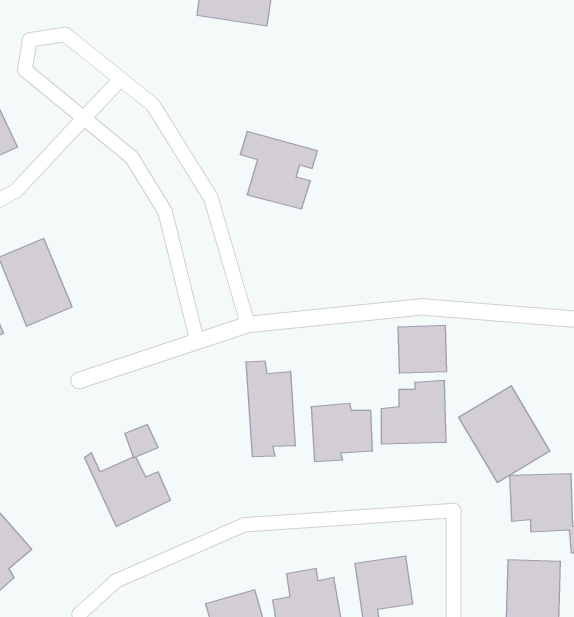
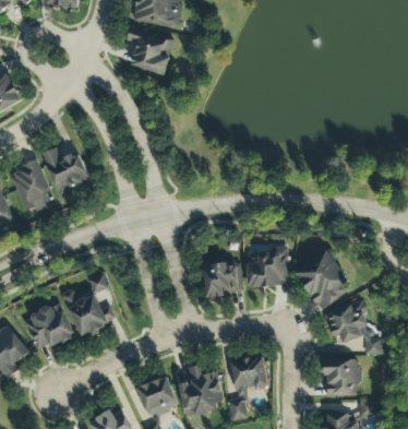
building: [240,131,317,209] -> [125,25,173,73]
building: none -> [40,145,89,192]
building: [398,325,447,373] -> none
building: [246,361,295,457] -> none
building: none -> [23,302,73,350]

